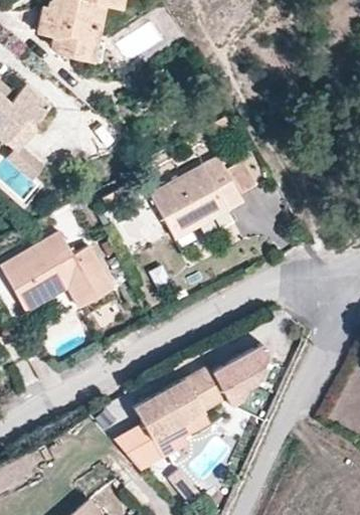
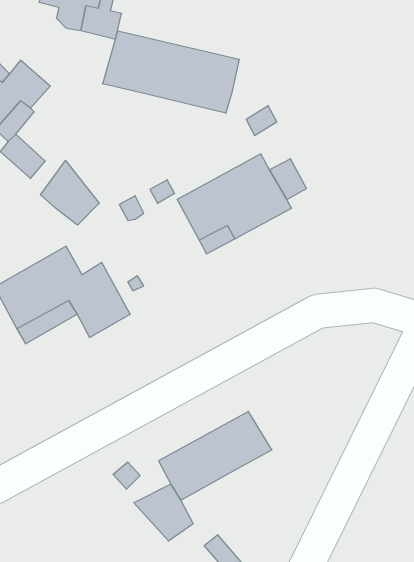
building: none -> [103,31,239,113]
building: none -> [40,161,99,225]
building: [211,344,264,403] -> none
building: [153,410,210,458] -> none

